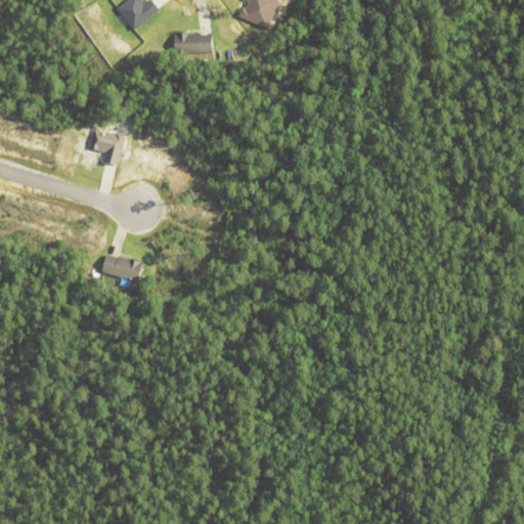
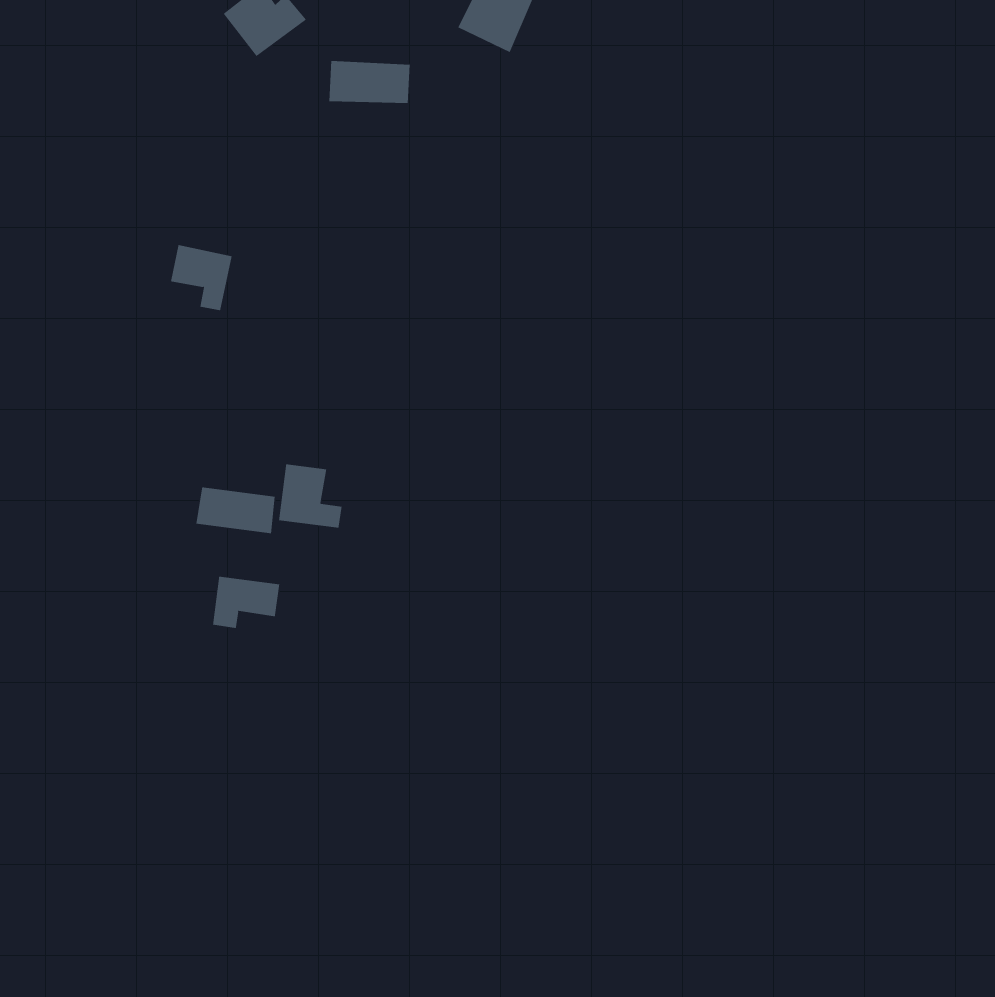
building: none -> [279,463,342,528]
building: none -> [212,576,280,629]

